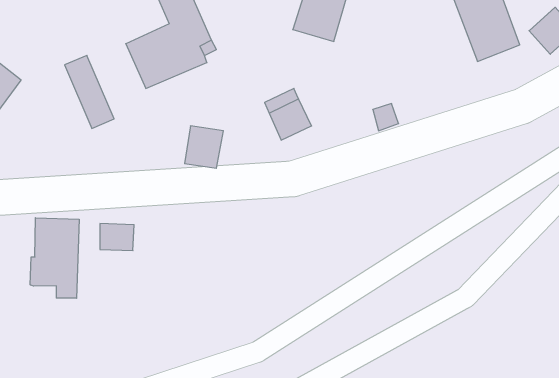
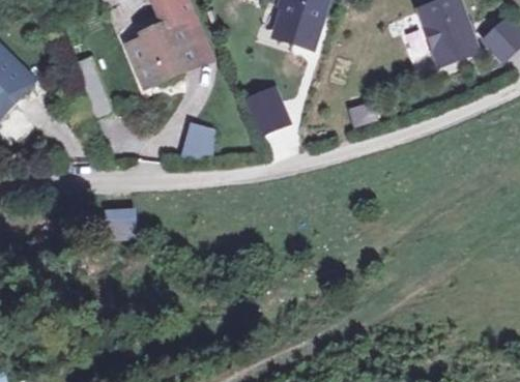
building: [30,218,79,298] -> none

